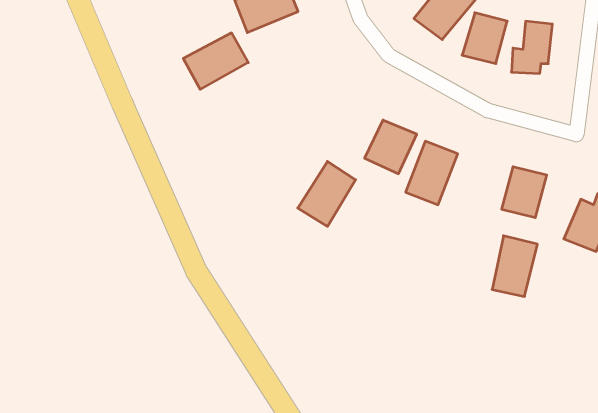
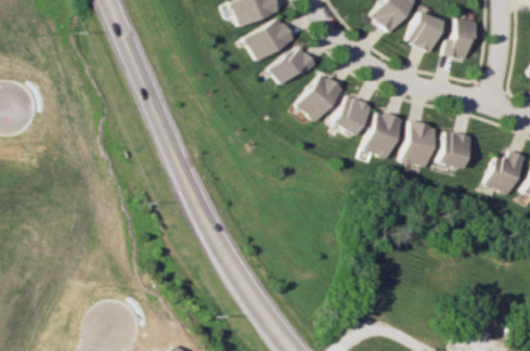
building: [183,33,248,89] -> [247,17,297,61]
building: none -> [272,44,319,84]
building: [298,161,356,226] -> [299,73,344,122]
building: [492,236,537,296] -> [403,120,438,167]

